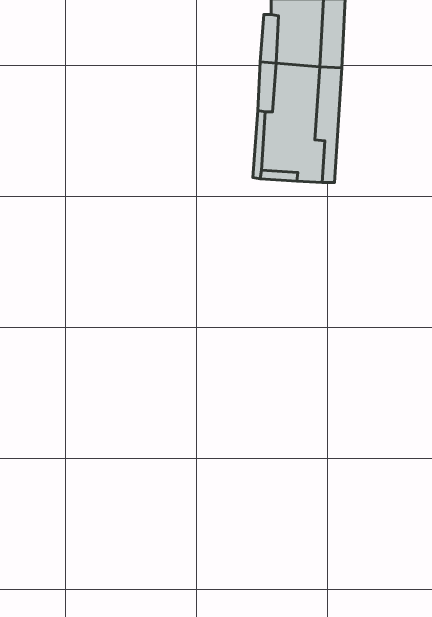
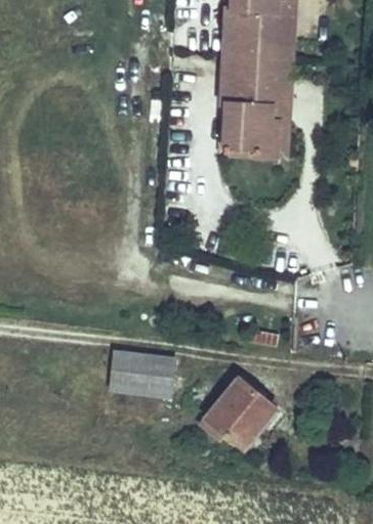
building: none -> [106,350,172,396]
building: none -> [203,377,277,447]

